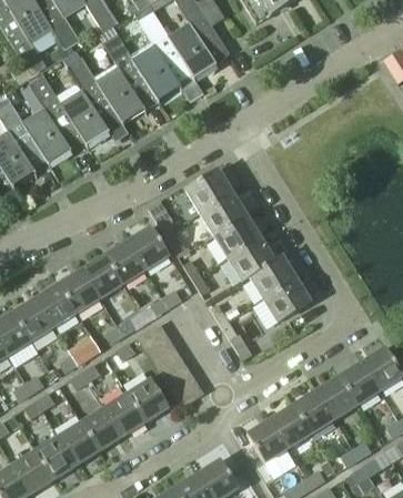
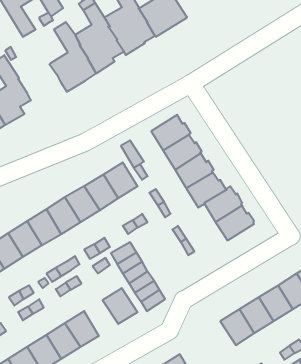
building: [24,75,75,160] -> none
building: [104,394,145,437] -> none
building: [245,419,288,463] -> none

